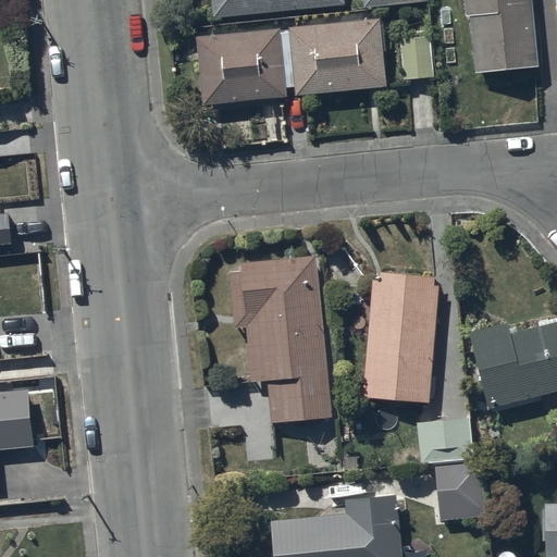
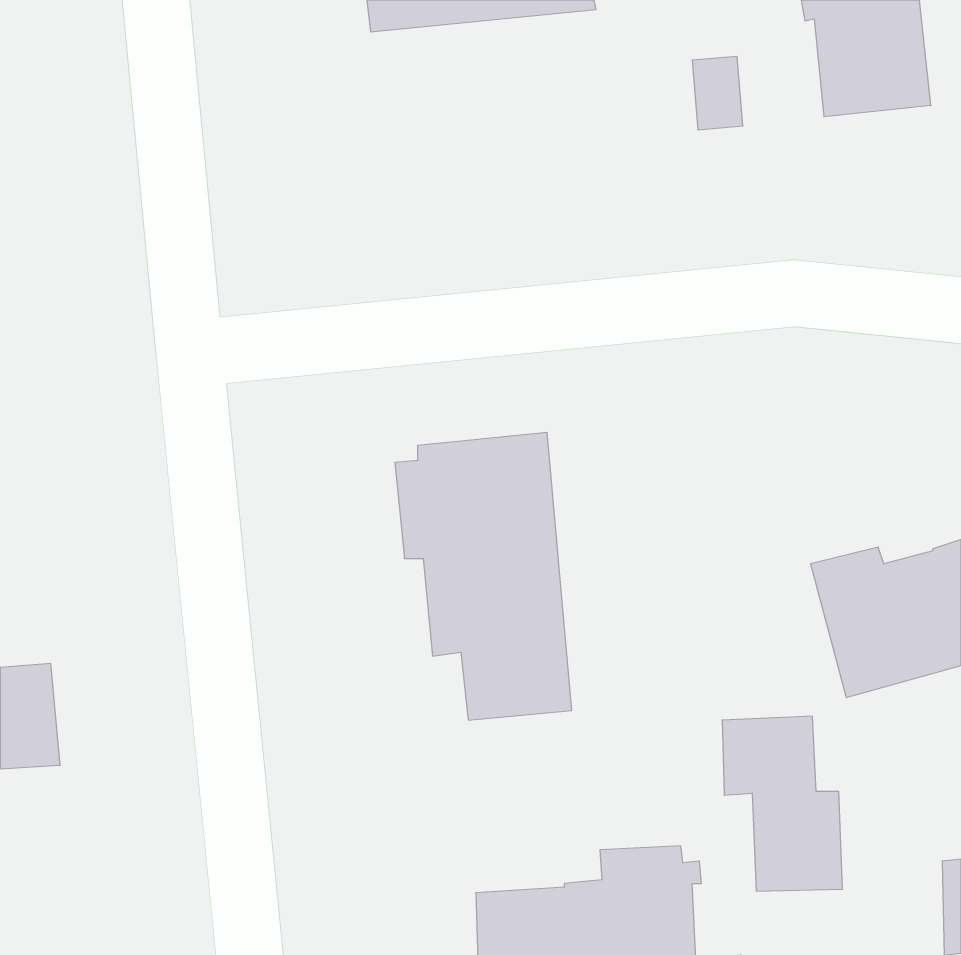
building: [195,22,386,111] -> none
building: [363,269,440,398] -> none

